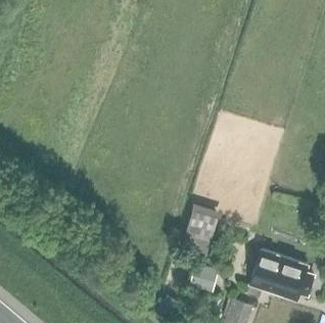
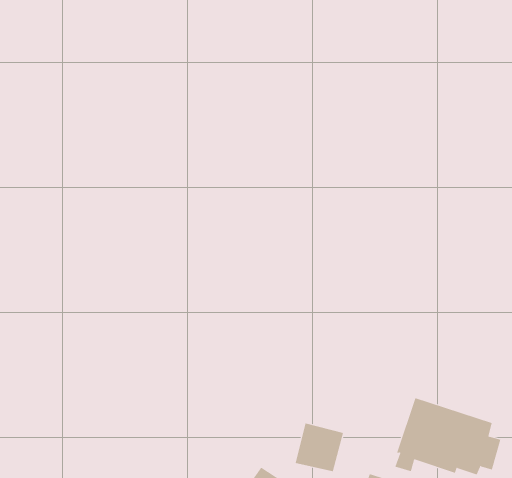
building: [182,209,218,252] -> none

